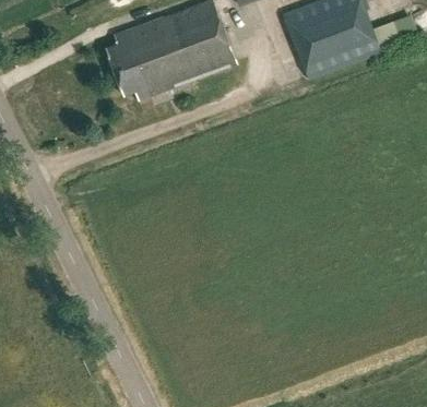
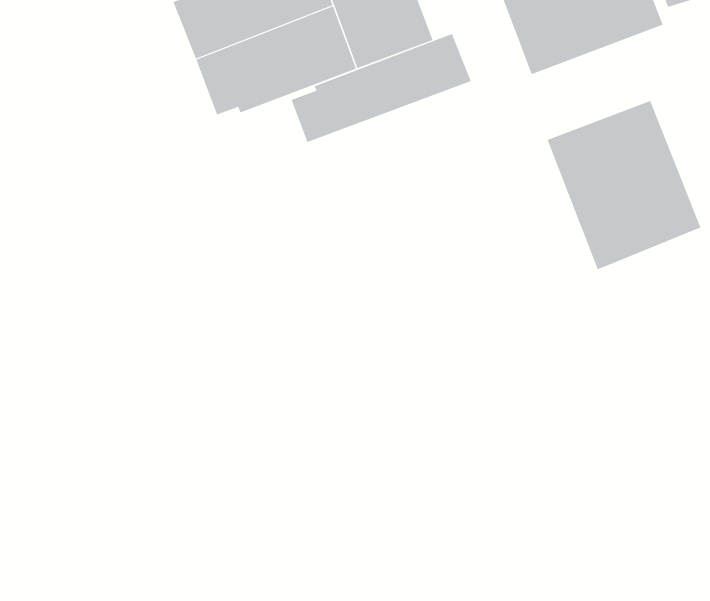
building: none -> [291,33,472,143]
building: none -> [547,100,701,270]

